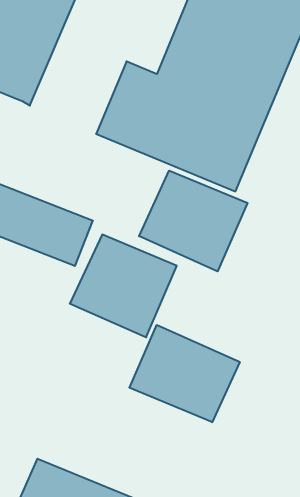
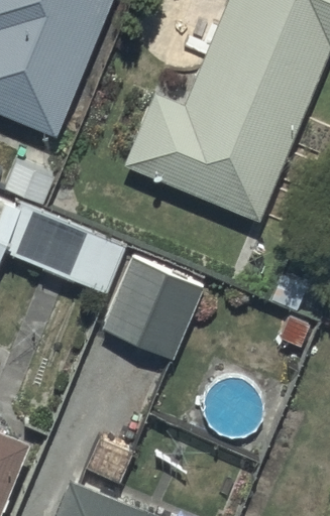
building: [139,171,248,271] -> none
building: [129,325,240,422] -> none

